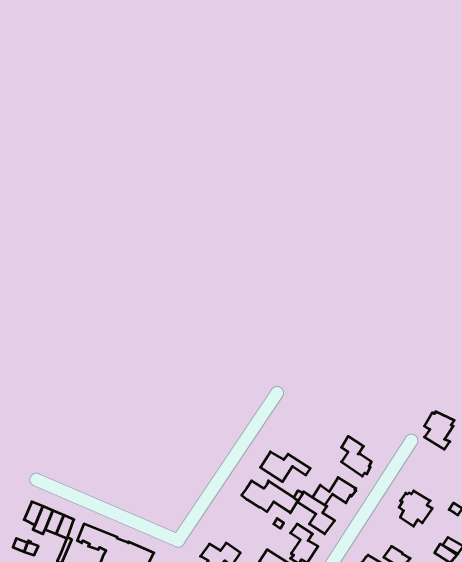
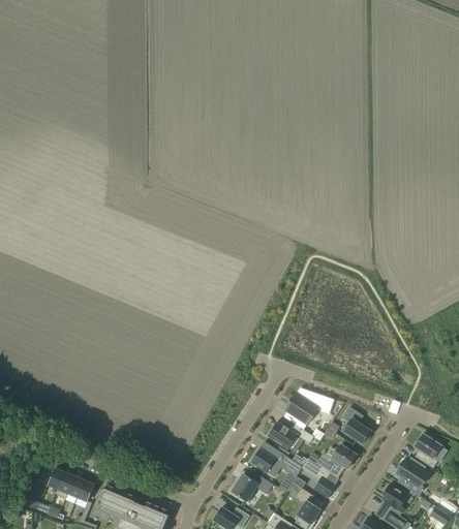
building: [424,412,454,449] -> [414,433,441,468]
building: none -> [284,391,333,425]
building: none -> [231,474,273,503]
building: none -> [381,485,407,516]

